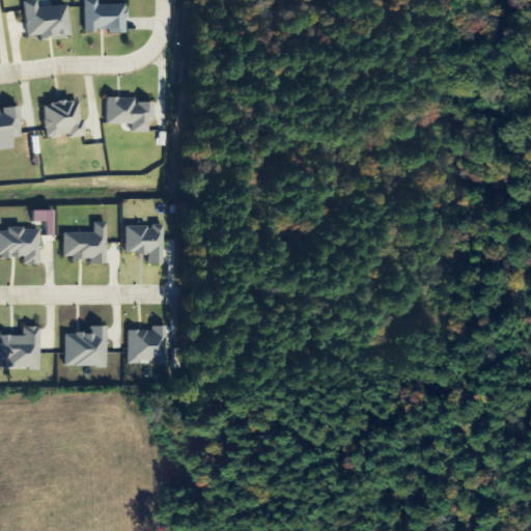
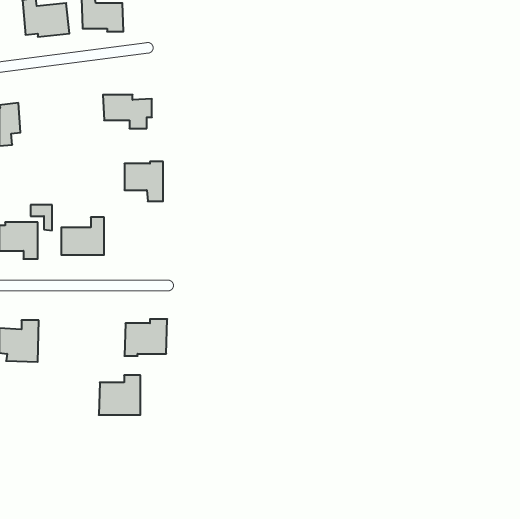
building: [41,99,82,137] -> none
building: [125,223,165,263] -> [124,162,163,201]
building: [63,325,106,365] -> [99,375,140,415]

